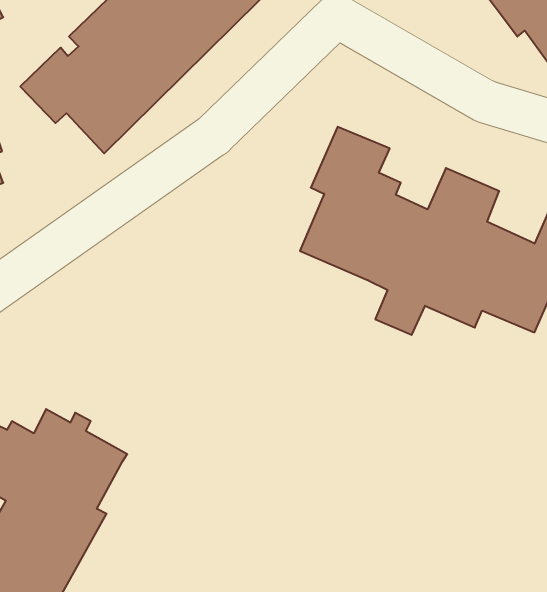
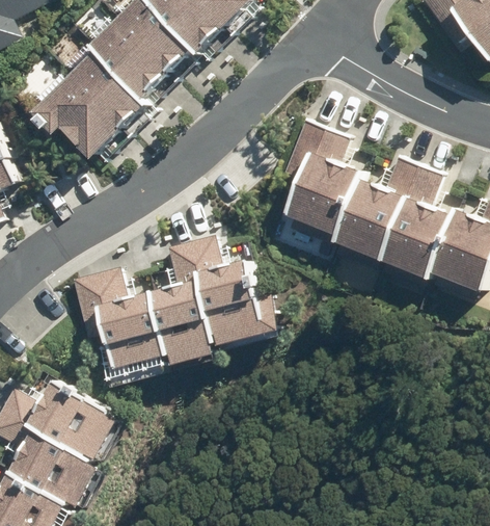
building: none -> [70,228,283,383]

